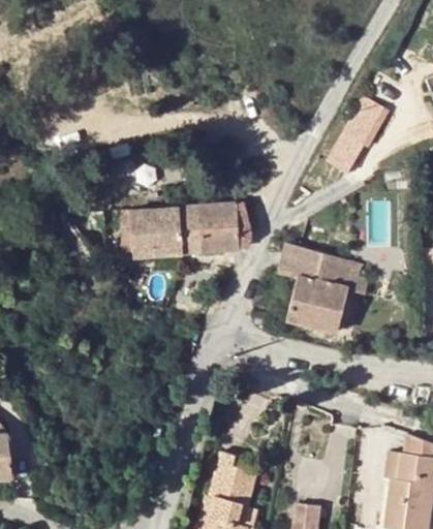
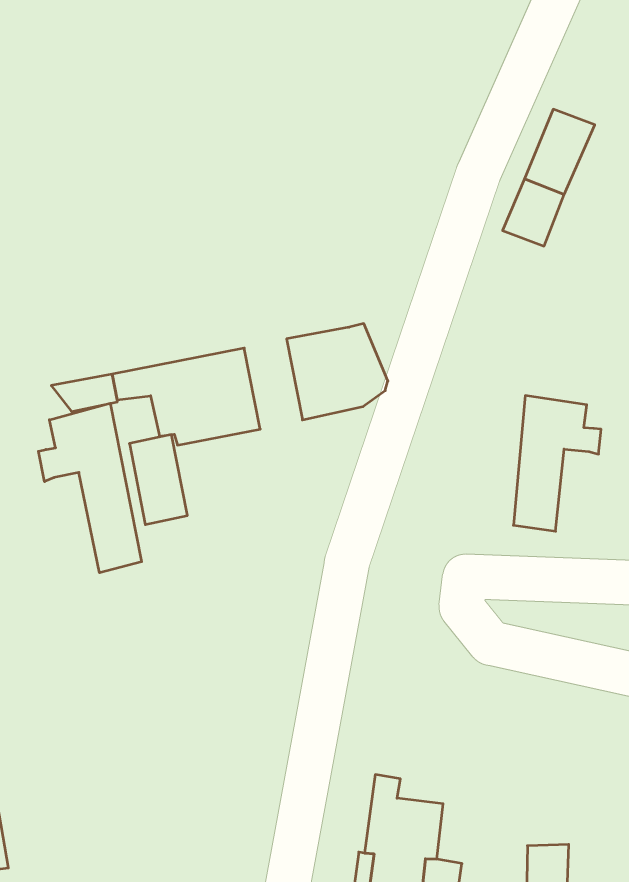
building: [178,207,205,254] -> [129,435,187,525]
building: none -> [38,403,142,573]
building: [277,244,329,324] -> none

